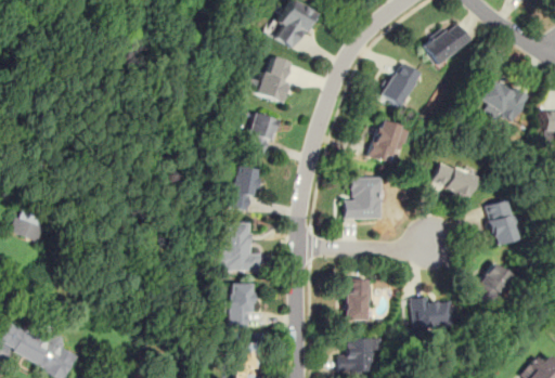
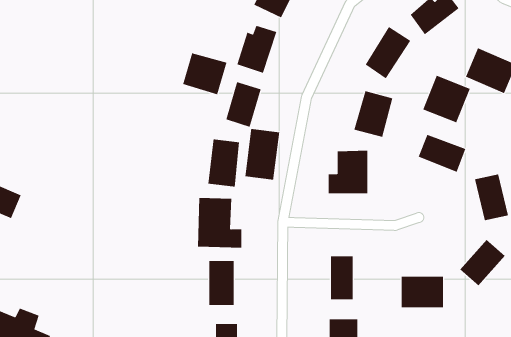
building: none -> [183,52,227,95]
building: none -> [422,75,470,123]
building: none -> [245,128,280,181]

